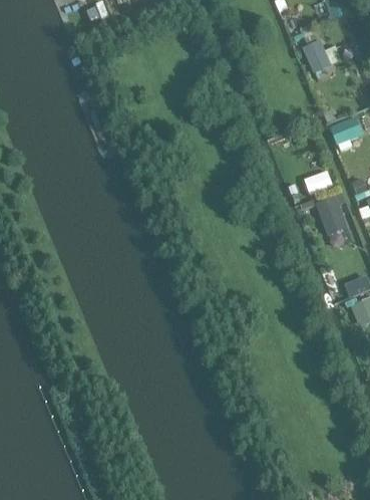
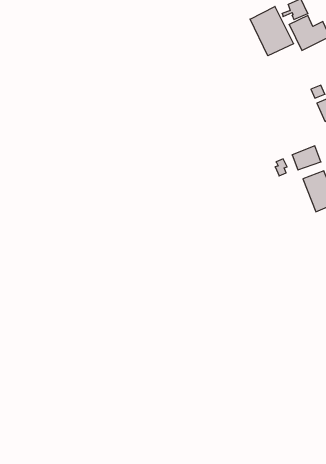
building: none -> [250,6,294,56]

